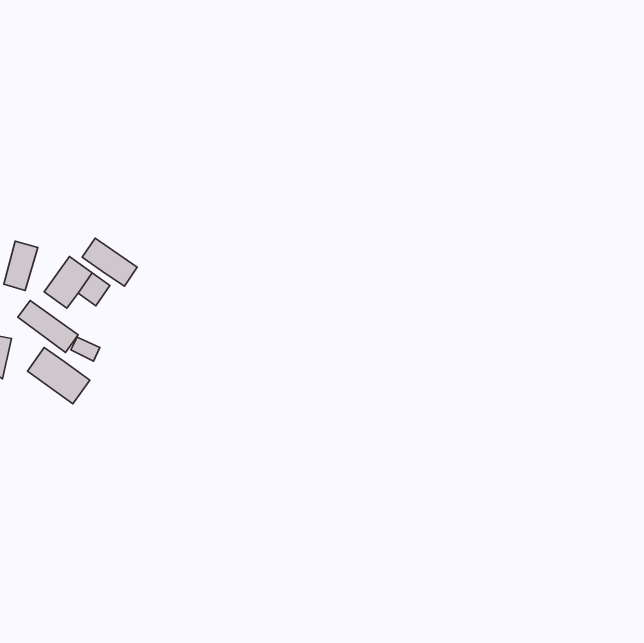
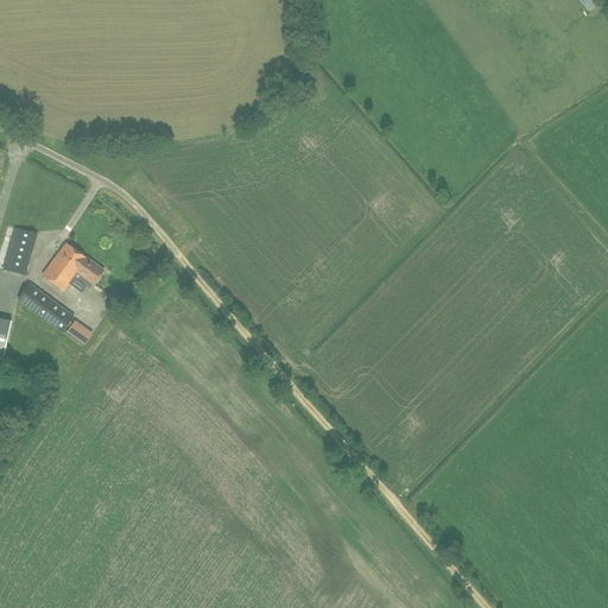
building: [82,238,137,286] -> none
building: [27,348,90,404] -> none

